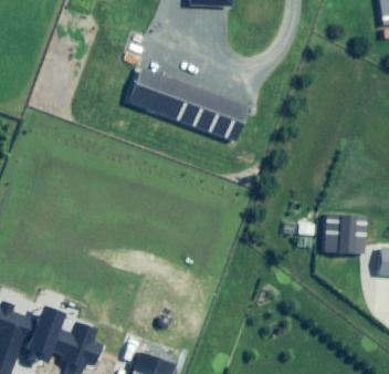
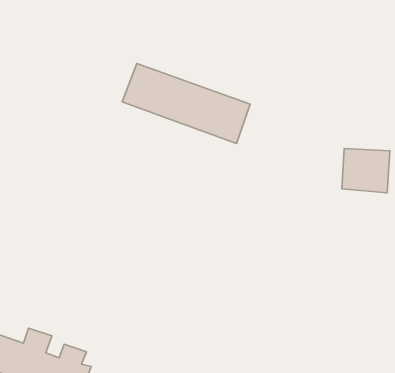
building: [320,215,364,254] -> [342,148,390,193]

